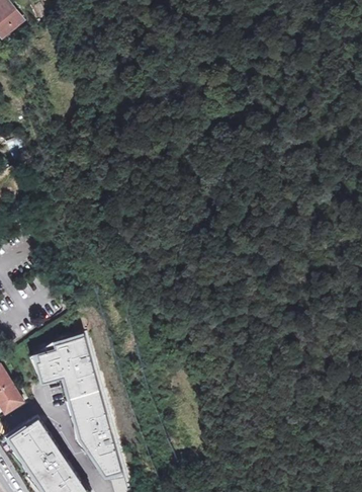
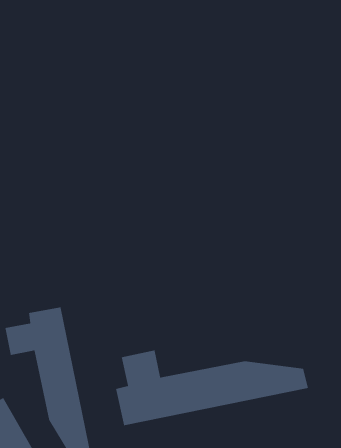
building: none -> [115,350,309,426]

